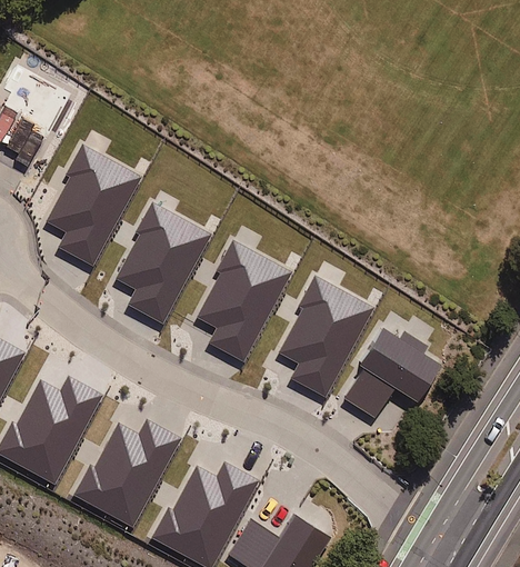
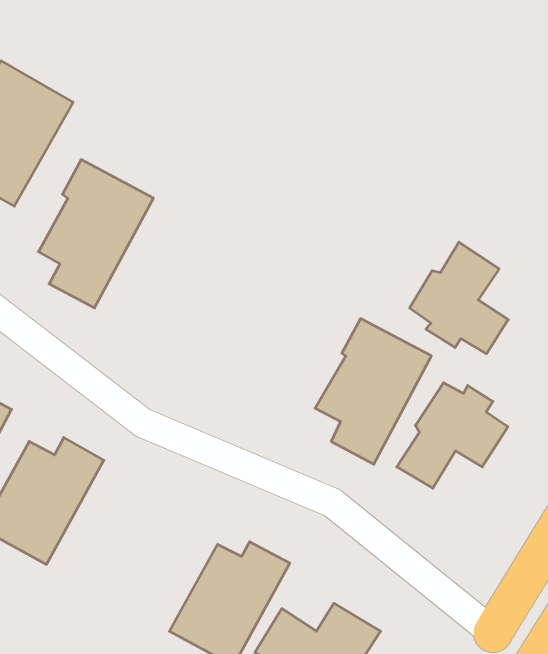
building: [113,201,213,328] -> none
building: none -> [410,242,508,354]
building: [197,239,291,361] -> none
building: [78,419,179,524] -> none

